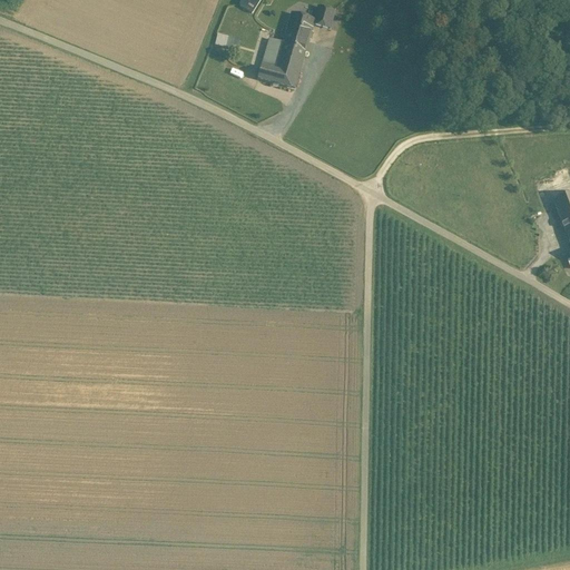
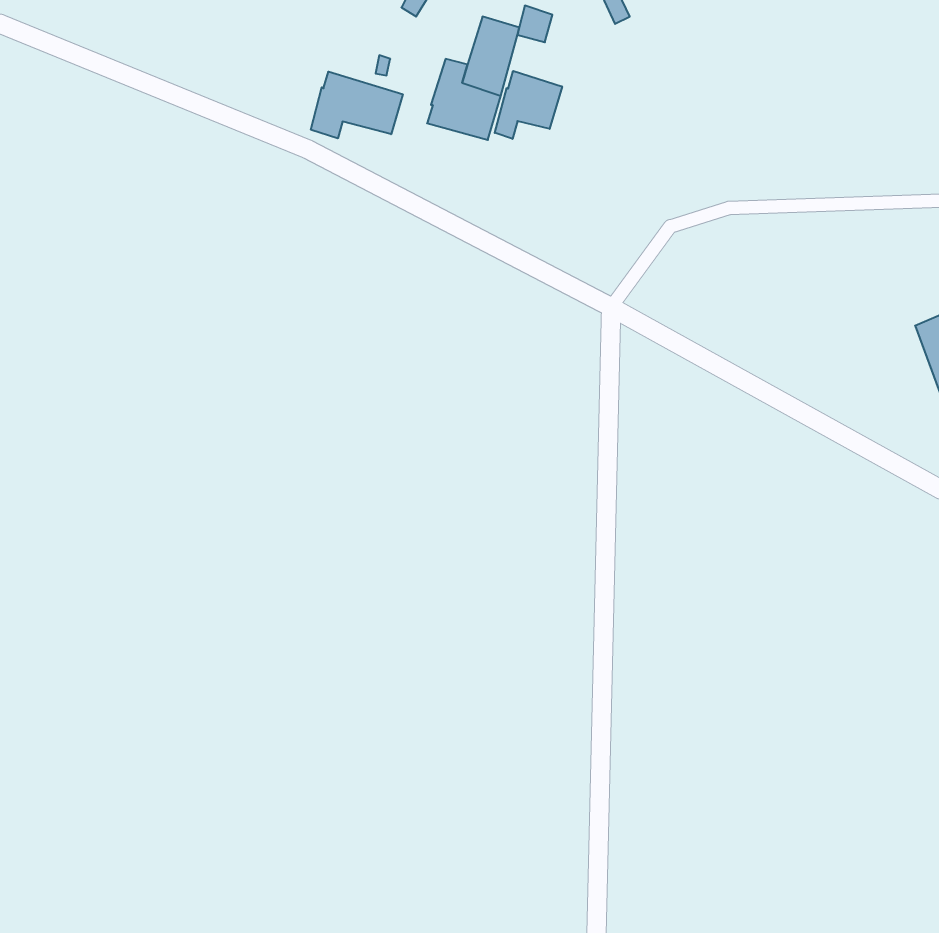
building: none -> [495,71,562,139]
building: none -> [311,72,403,138]

